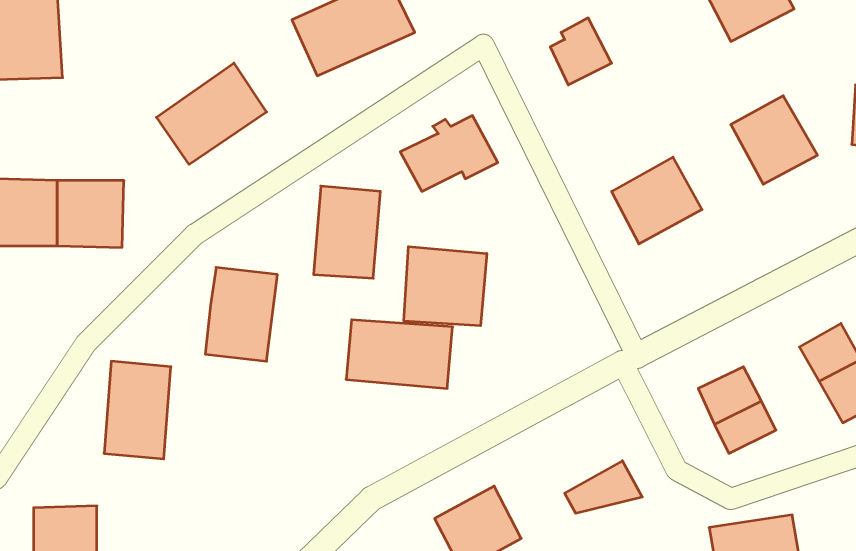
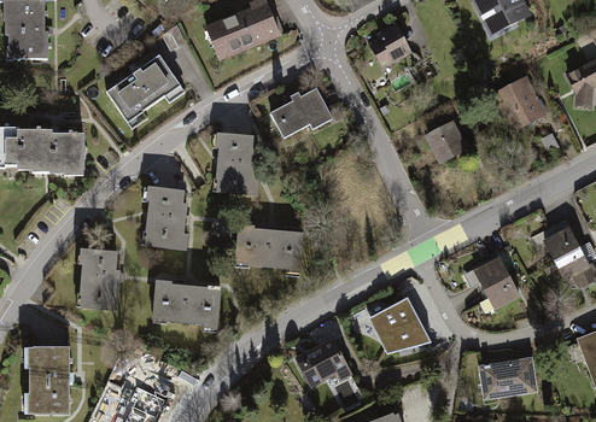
building: [404,247,487,326] -> none
building: none -> [150,280,221,326]
building: none -> [369,295,419,339]

